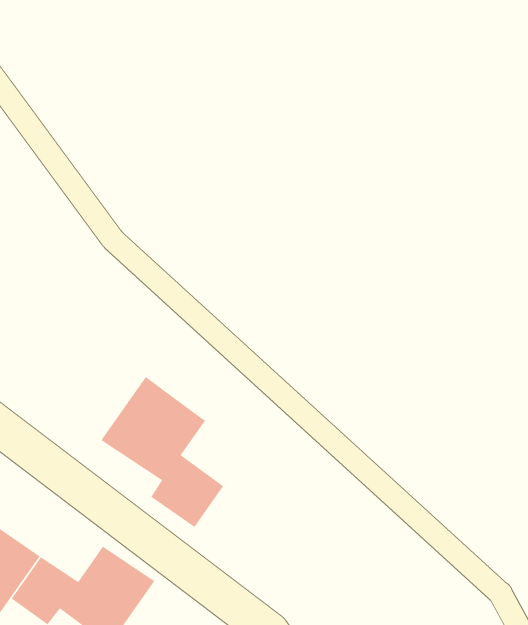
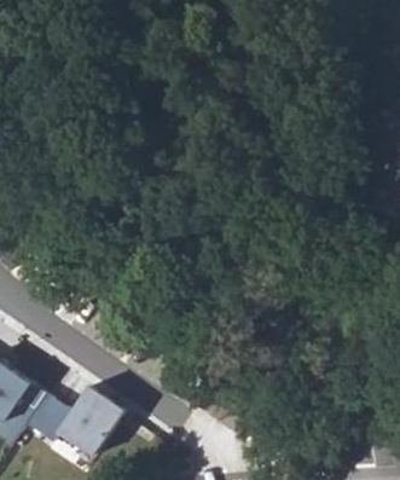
building: [101,376,224,528] -> none

